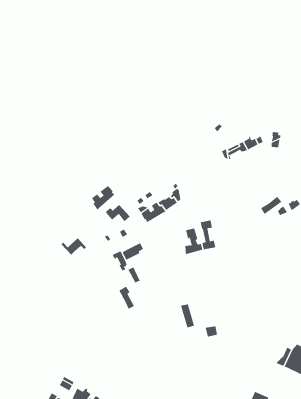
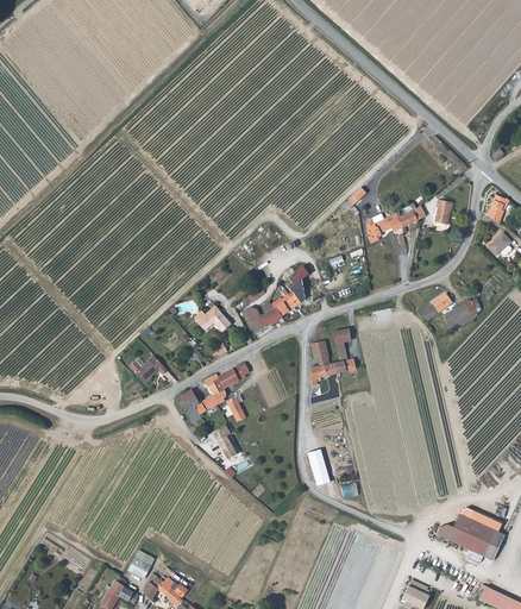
building: [91,185,115,211] -> none
building: none -> [177,389,218,422]

